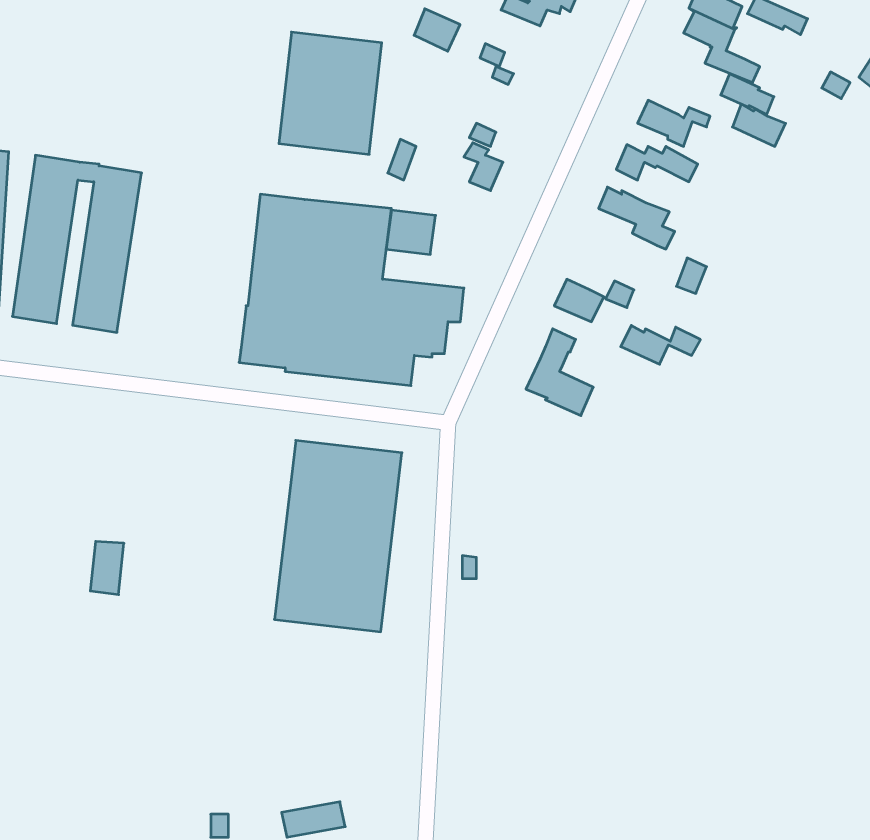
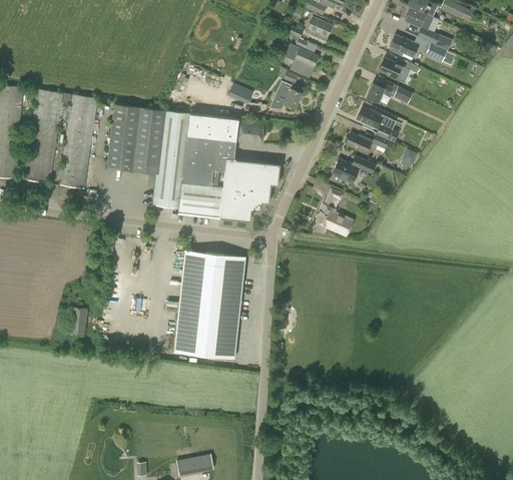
building: [414,9,460,51] -> [307,17,333,41]
building: [279,32,382,154] -> [107,105,165,174]
building: none -> [291,49,319,78]
building: [732,104,786,146] -> [390,34,420,58]
building: [621,325,700,364] -> [345,132,390,154]

